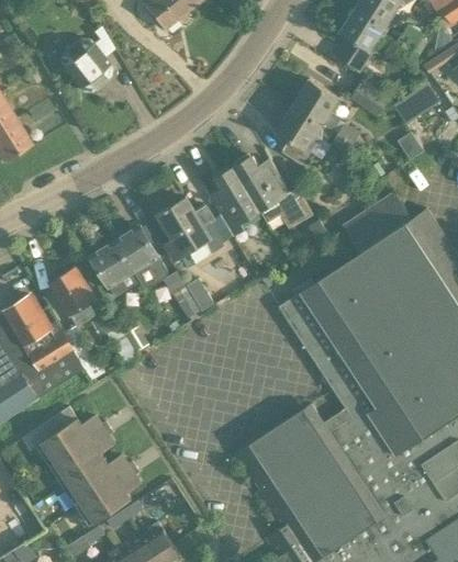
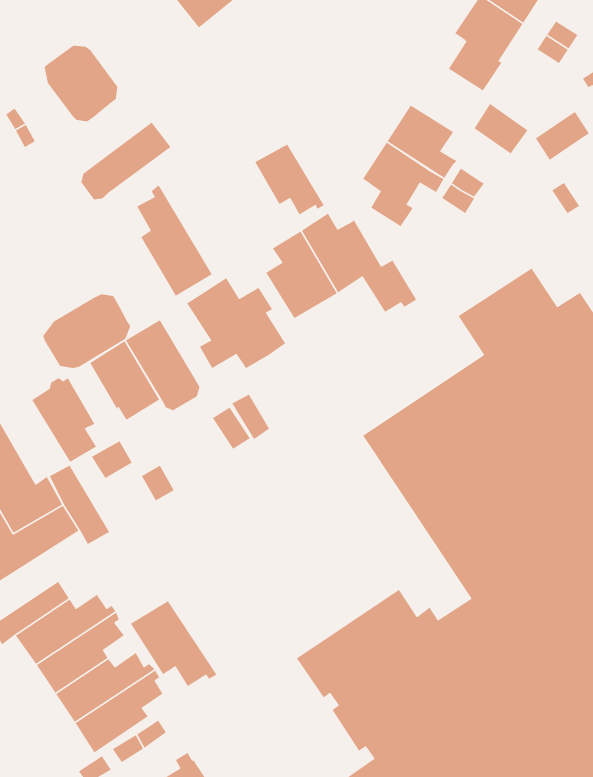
building: none -> [80,121,171,200]
building: none -> [254,143,325,215]
building: none -> [136,184,213,297]
building: none -> [42,294,131,369]
building: none -> [130,600,217,687]

